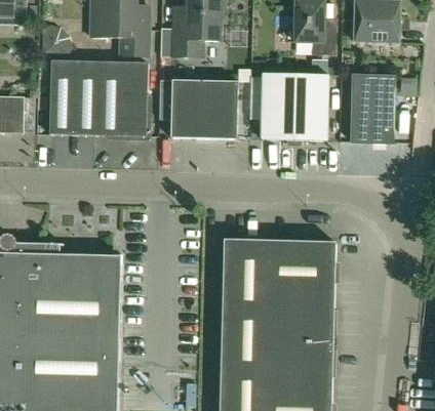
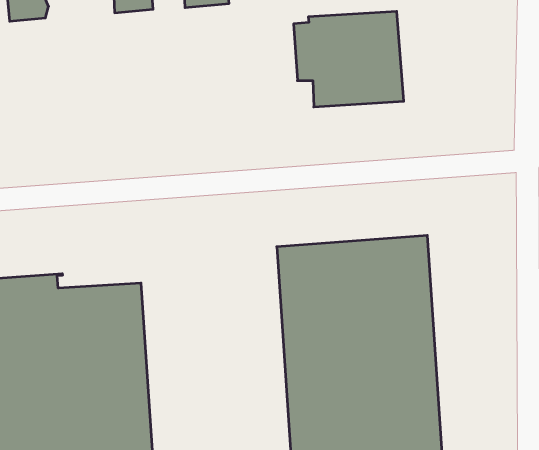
building: [49,59,149,135] -> none
building: [352,75,394,142] -> none
building: [171,79,238,138] -> none

